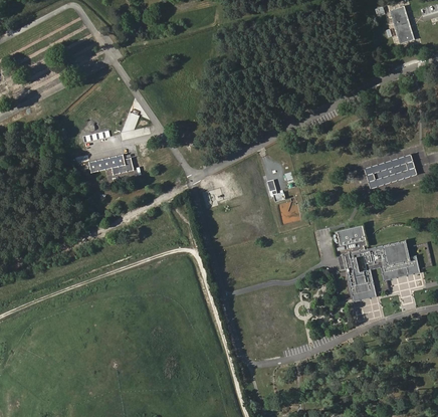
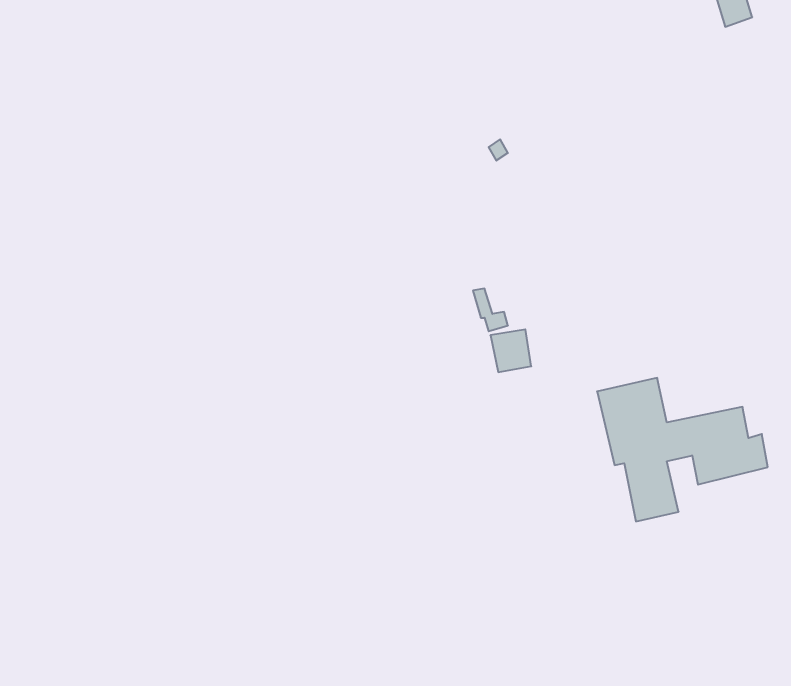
building: [366,153,419,188] -> none
building: [88,154,133,174] -> none

